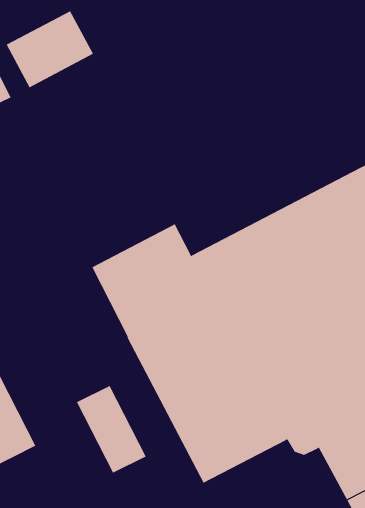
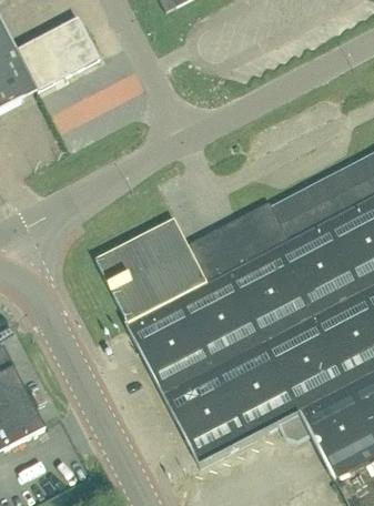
building: [76,385,146,473] -> none

